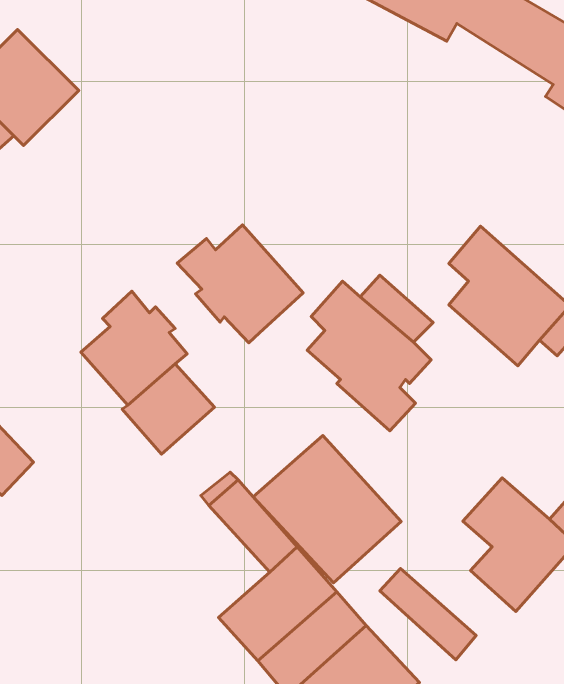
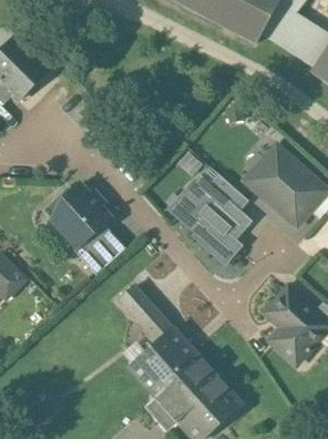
building: [177,225,303,343] -> none
building: [253,436,401,583] -> none
building: [380,568,476,660] -> none

